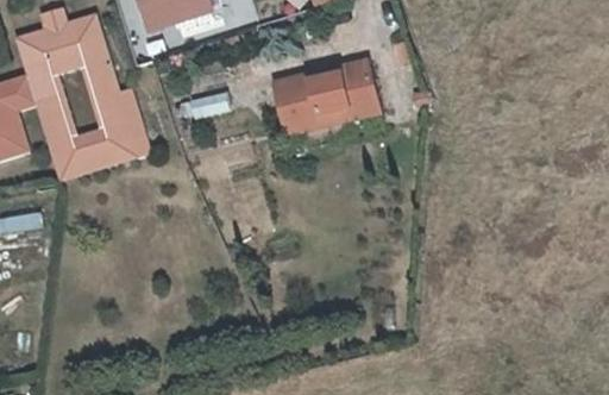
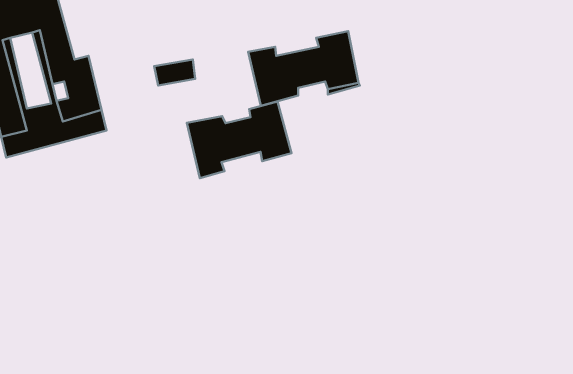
building: none -> [187,101,291,178]

